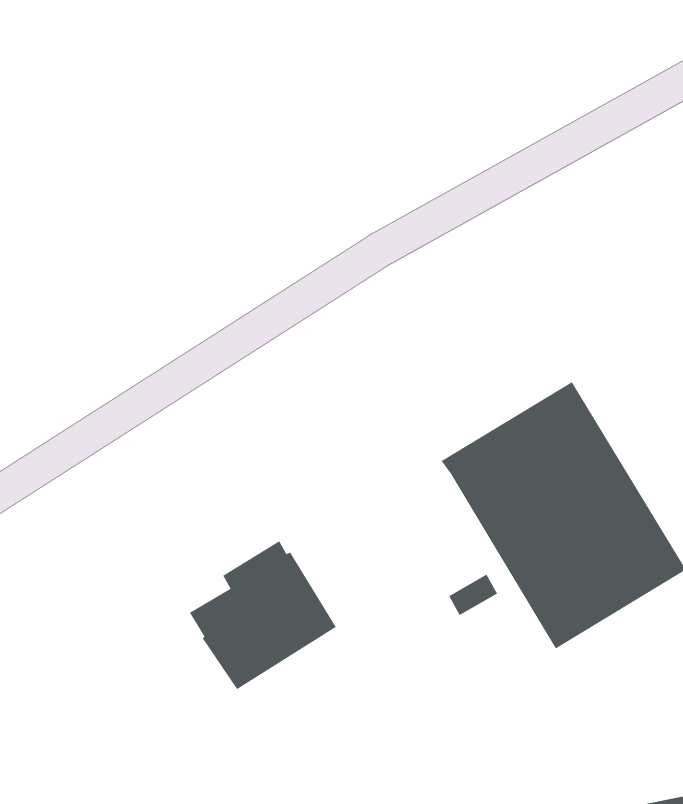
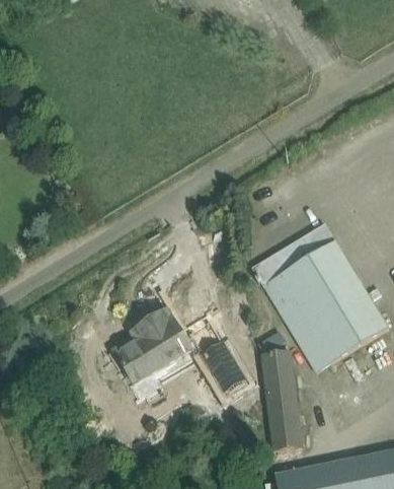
building: none -> [201,341,248,392]
building: none -> [262,352,303,450]

